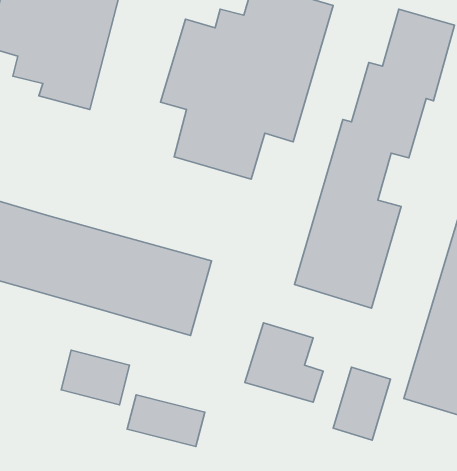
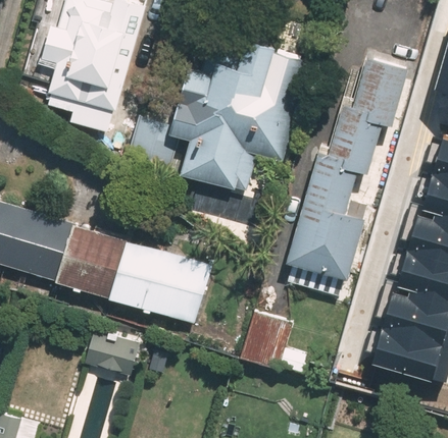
building: [333,367,391,440] -> none
building: [127,395,205,447] -> none

